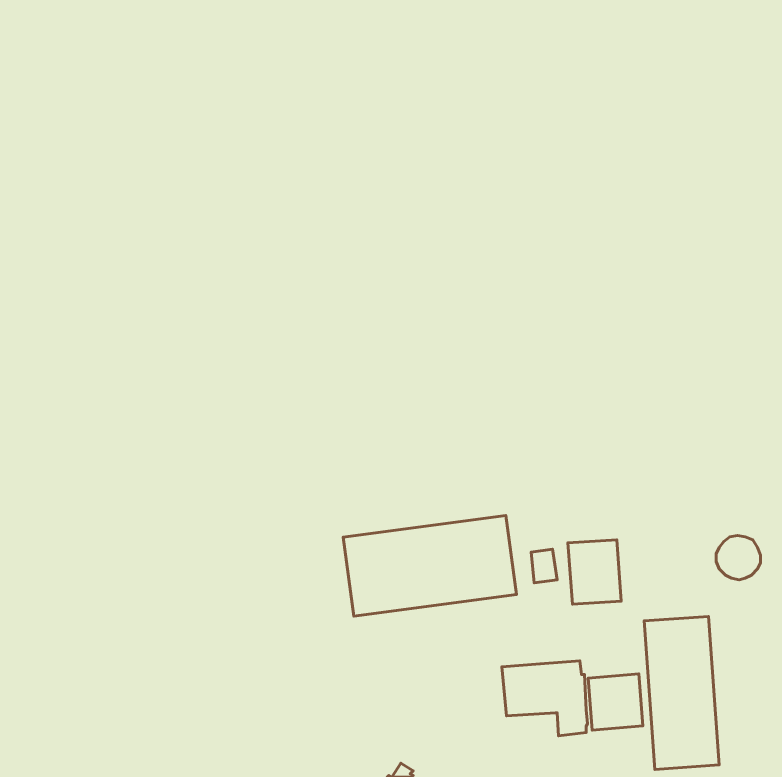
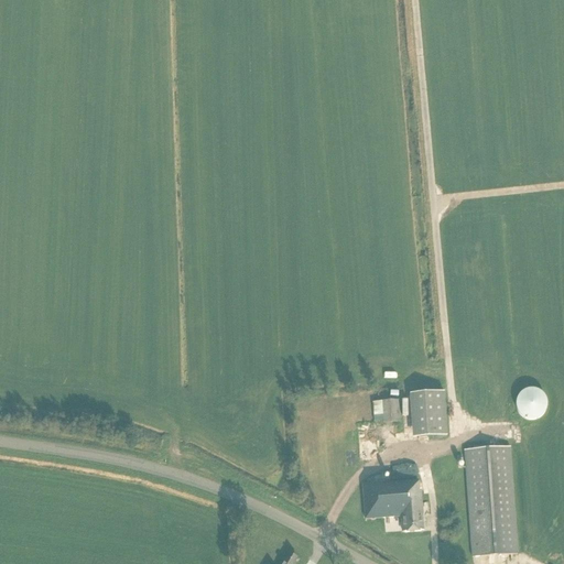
building: [343,516,517,616] -> none
building: [588,674,643,730] -> none

